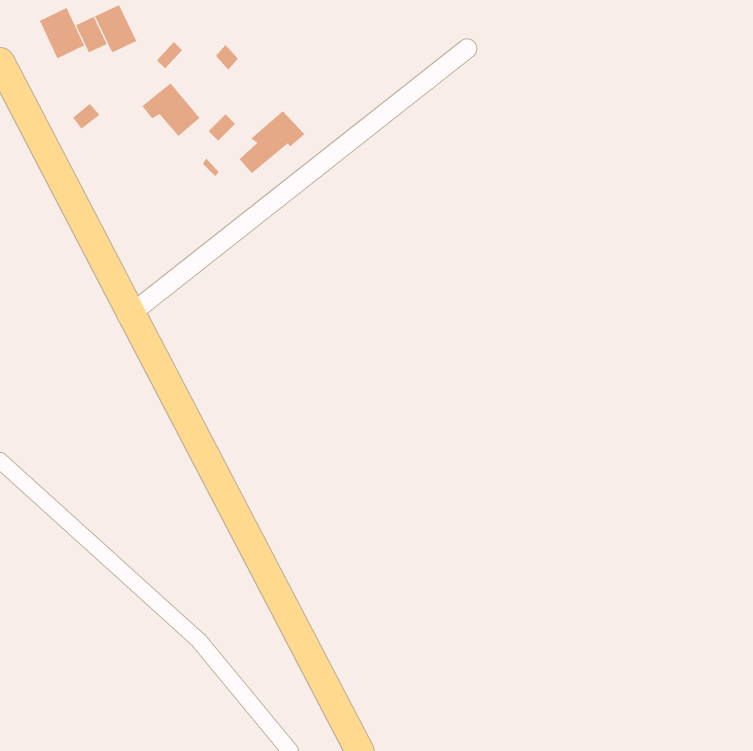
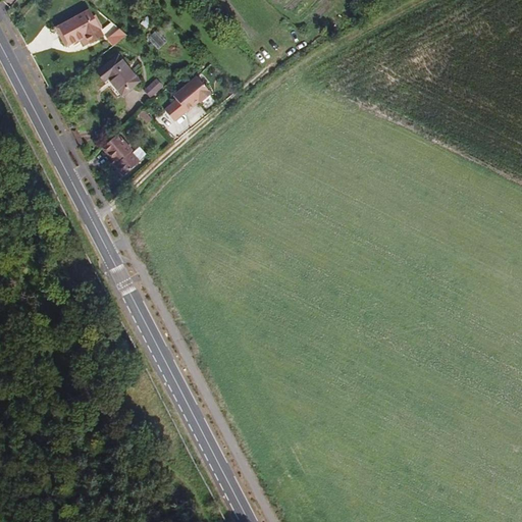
building: [39,7,85,59] -> none
building: none -> [104,134,141,174]

